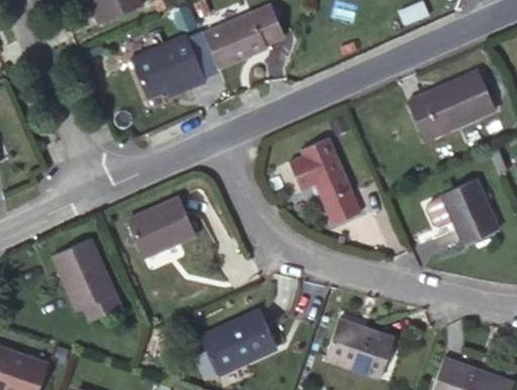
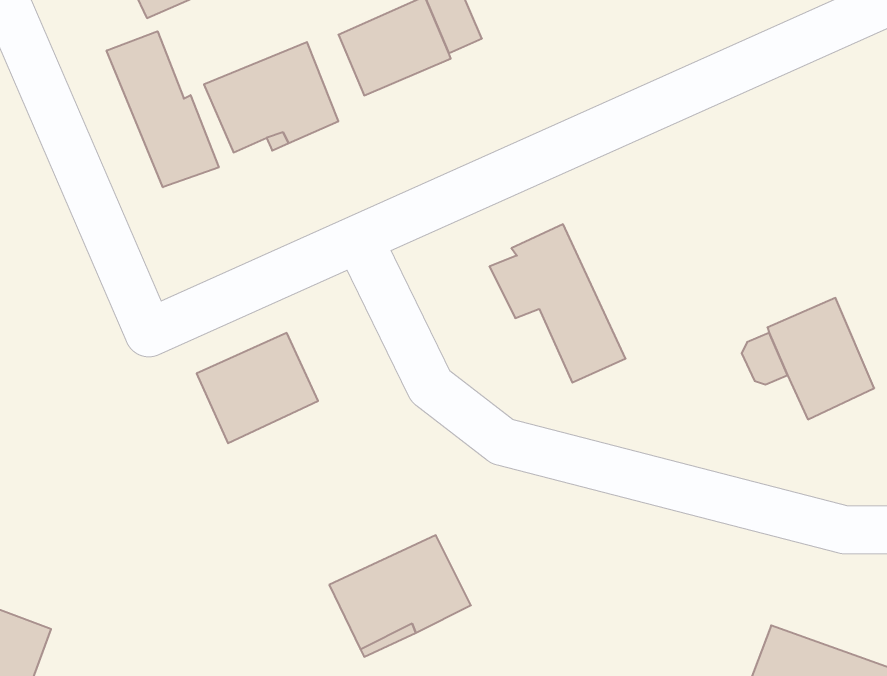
building: none -> [107,31,219,187]
building: [406,71,496,139] -> none
building: [50,237,122,320] -> none
building: [324,318,393,379] -> none

